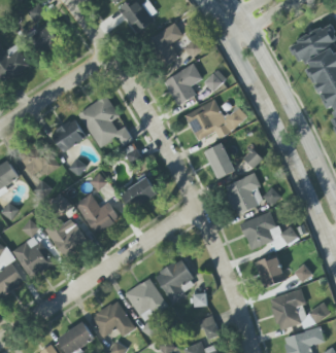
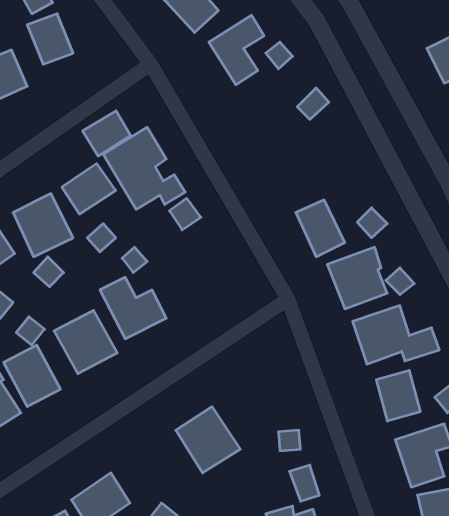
building: [163,64,202,106] -> none
building: none -> [83,111,131,156]
building: [183,100,246,141] -> none
building: [121,173,157,210] -> none
building: [154,259,196,302] -> none
building: [91,301,135,337] -> none

